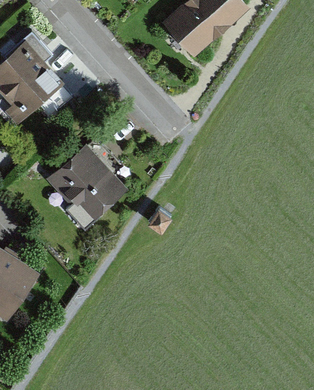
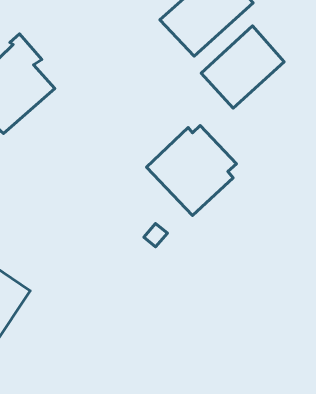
building: none -> [201,26,284,108]
building: [45,143,129,227] -> [147,125,237,215]

